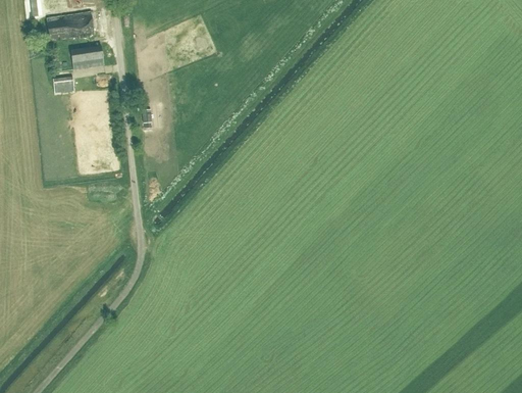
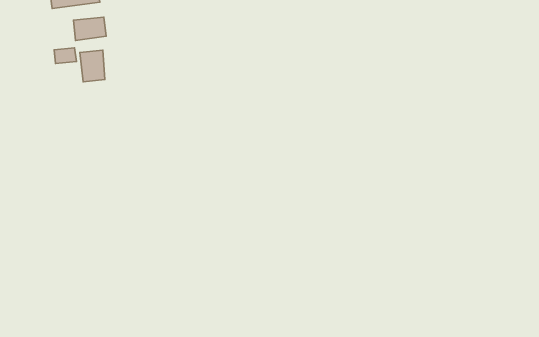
building: none -> [80,50,105,82]

